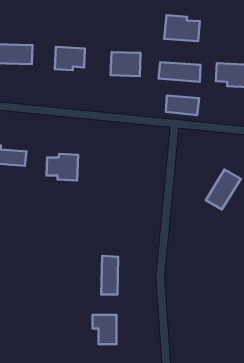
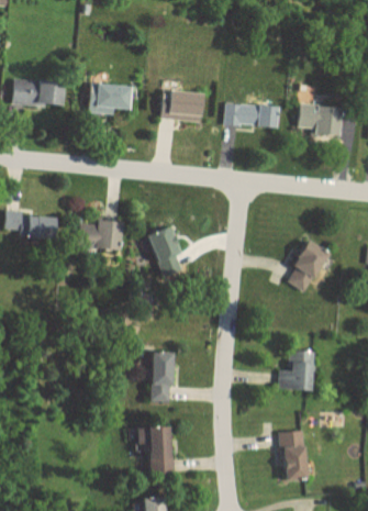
building: [164,15,200,41] -> none
building: [166,96,199,115] -> none
building: none -> [146,226,180,276]
building: none -> [279,351,314,390]
building: none -> [281,431,306,480]

